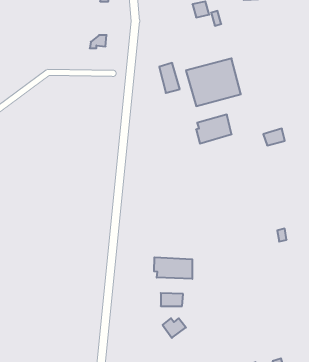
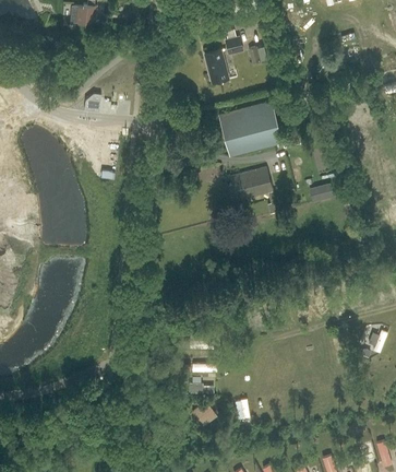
building: [159,63,180,93] -> [206,50,230,85]
building: [154,257,192,279] -> none

